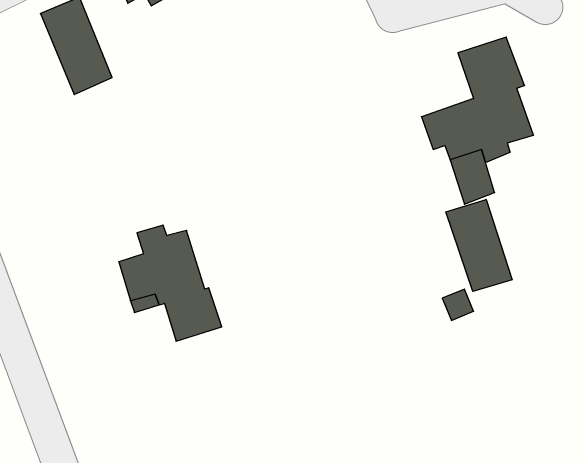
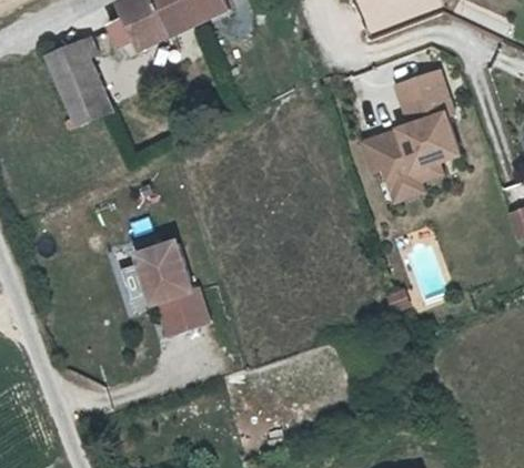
building: [446,199,512,291] -> none

